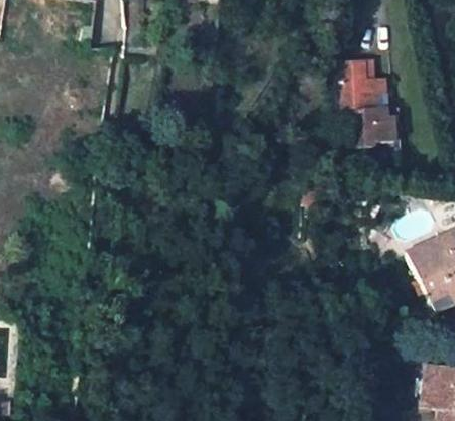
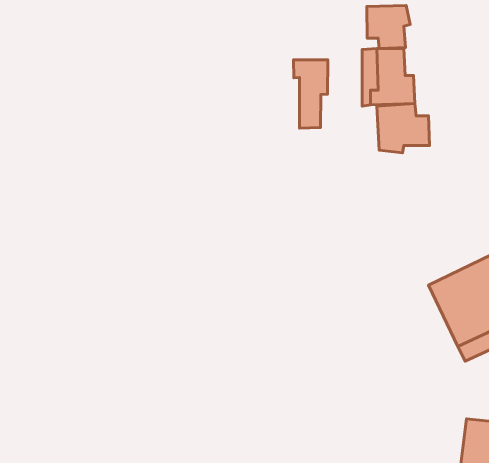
building: none -> [367,5,410,48]
building: none -> [294,60,328,128]

